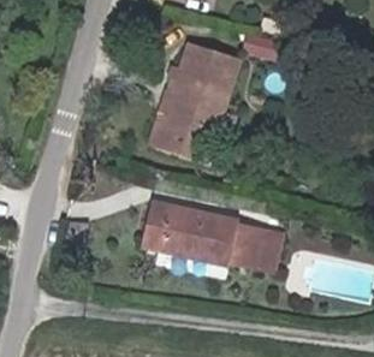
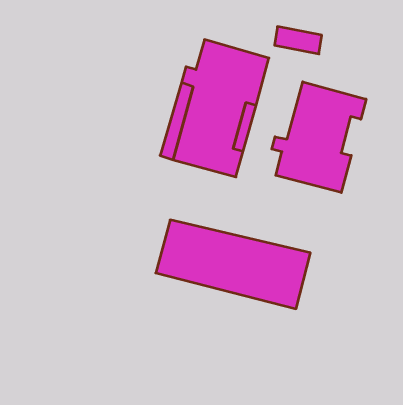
building: none -> [272,82,366,193]

